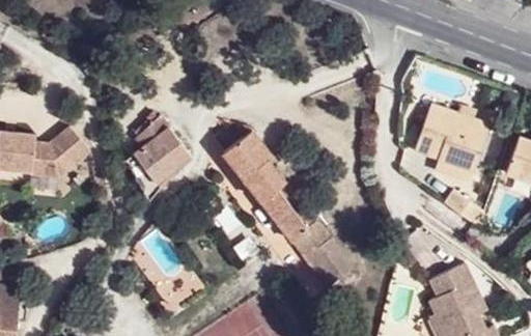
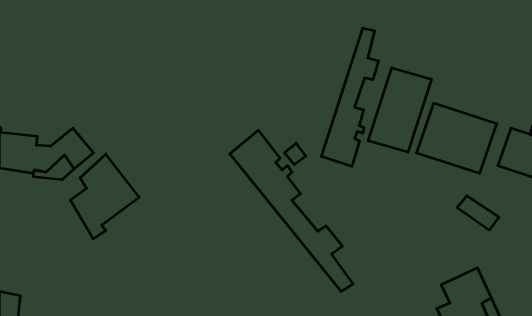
building: none -> [321,28,379,166]
building: none -> [368,68,431,152]
building: [124,116,191,198] -> [70,154,139,239]

